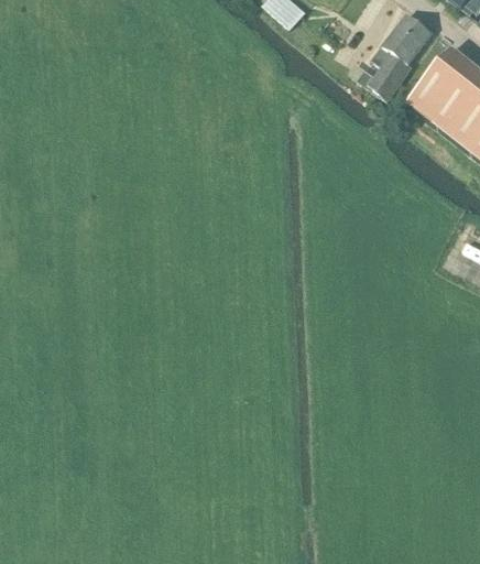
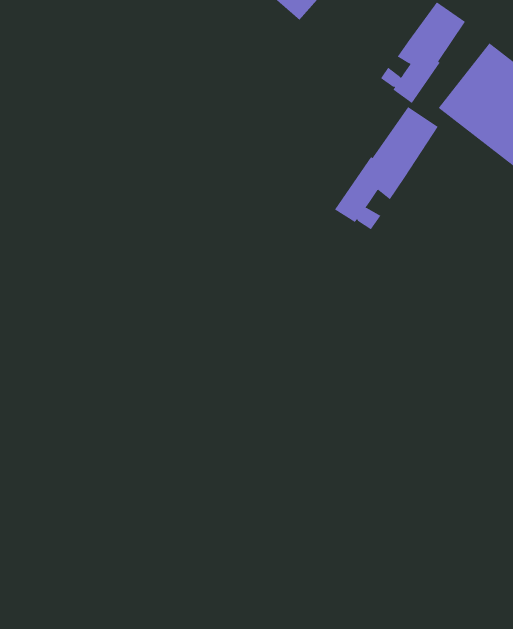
building: none -> [334,106,438,230]

